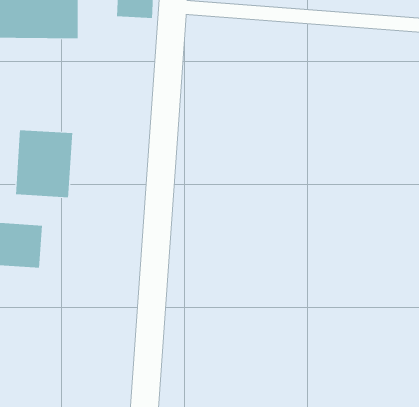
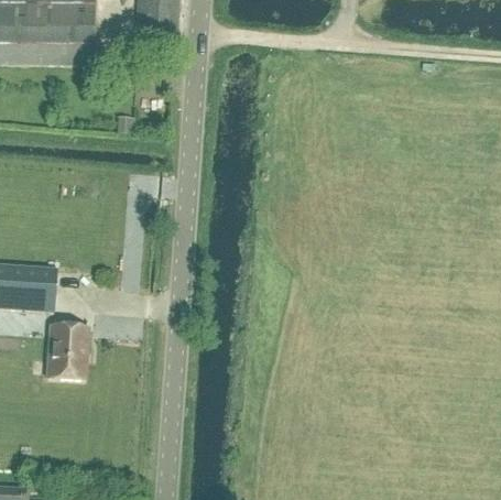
building: [15,129,73,198] -> none
building: none -> [46,322,87,378]

